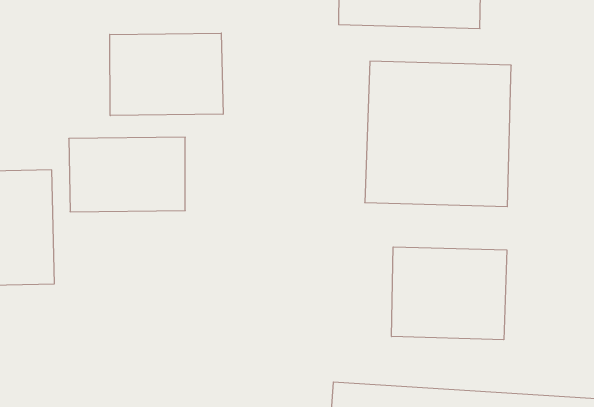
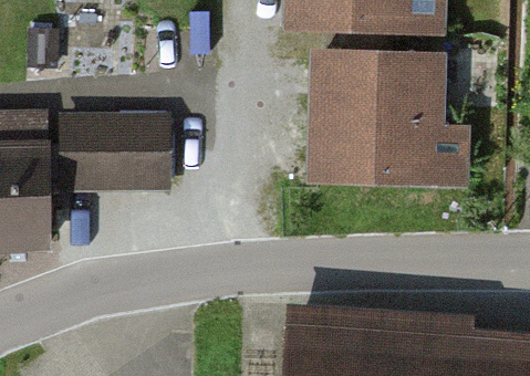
building: [110,33,223,116] -> none
building: [392,247,507,340] -> none

